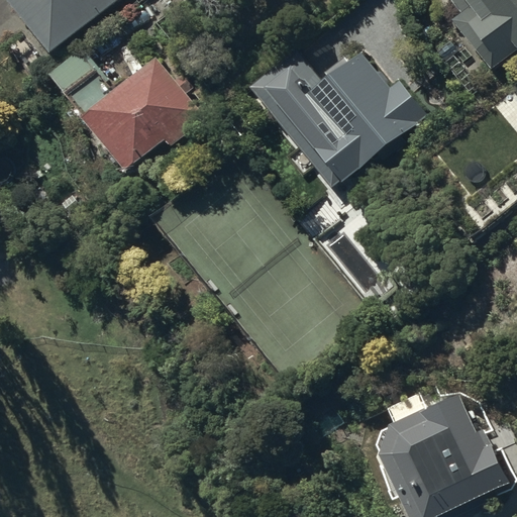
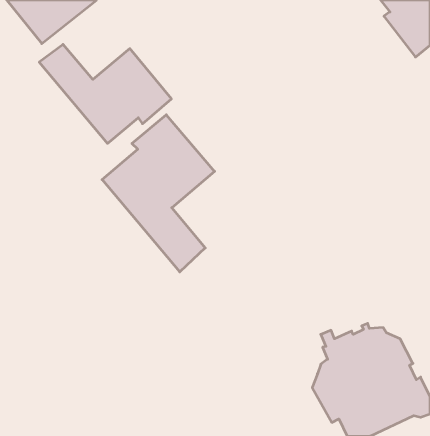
building: [251,55,425,181] -> none
building: none -> [102,115,215,272]

